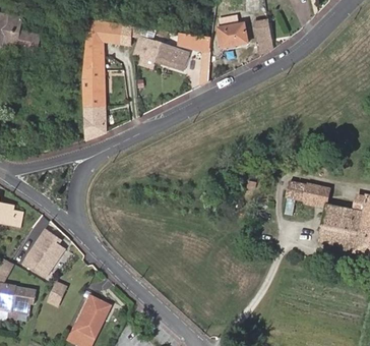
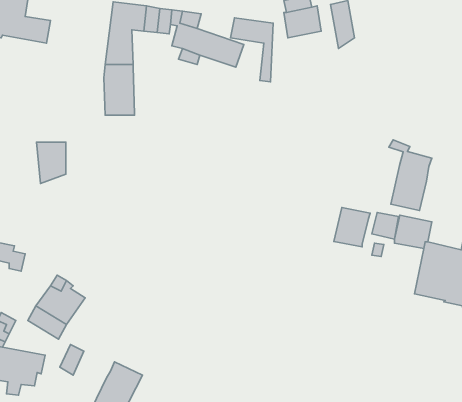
building: [82,106,105,137] -> [36,142,66,184]
building: none -> [389,140,432,211]
building: none -> [334,208,370,247]

